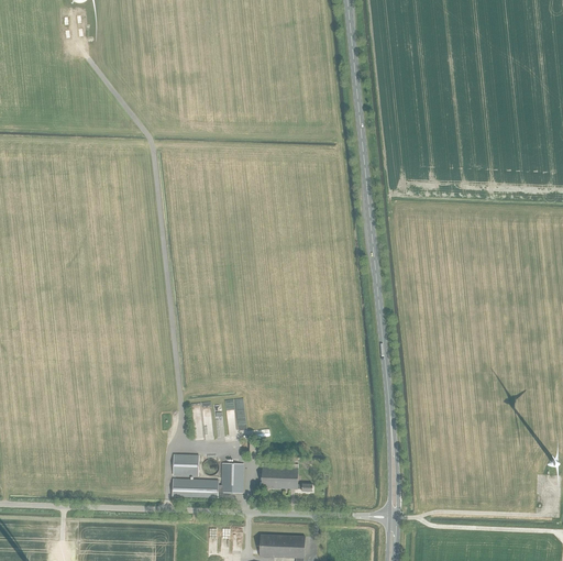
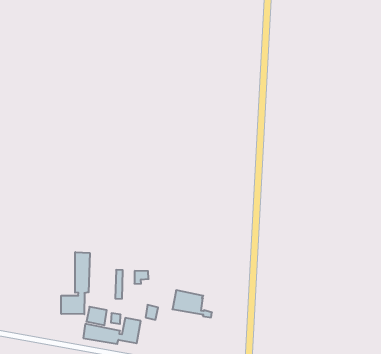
building: none -> [61,252,90,314]
building: [261,462,312,491] -> [172,290,212,317]

